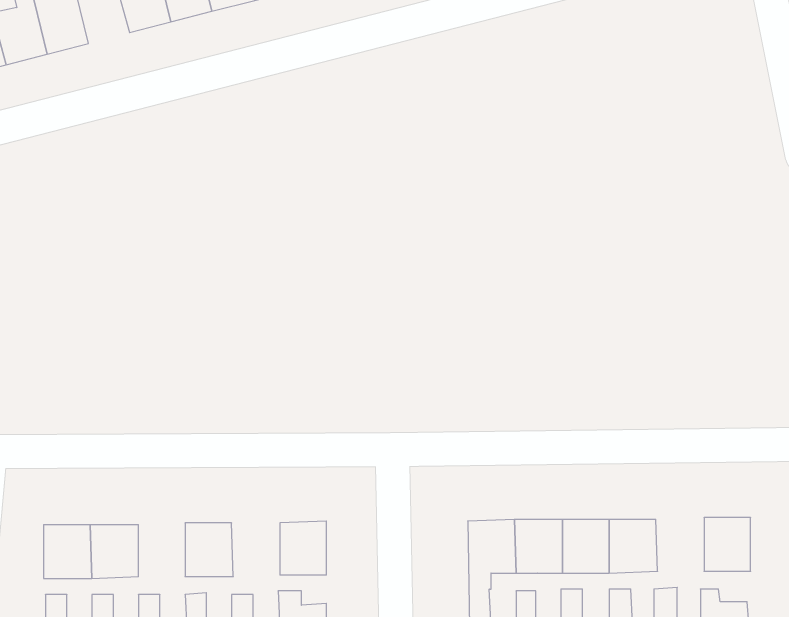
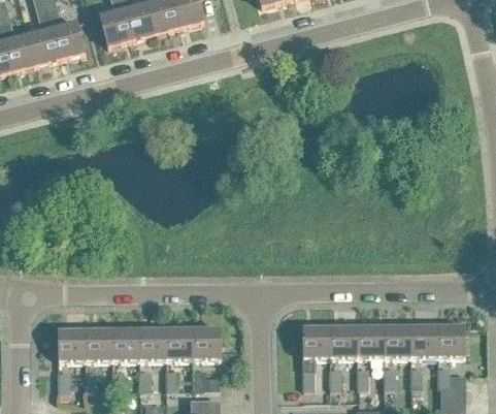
building: none -> [410,325,438,356]
building: none -> [112,328,139,359]
building: none -> [166,328,194,359]

